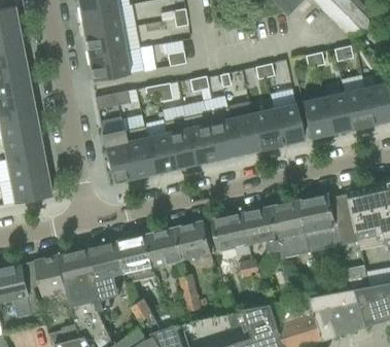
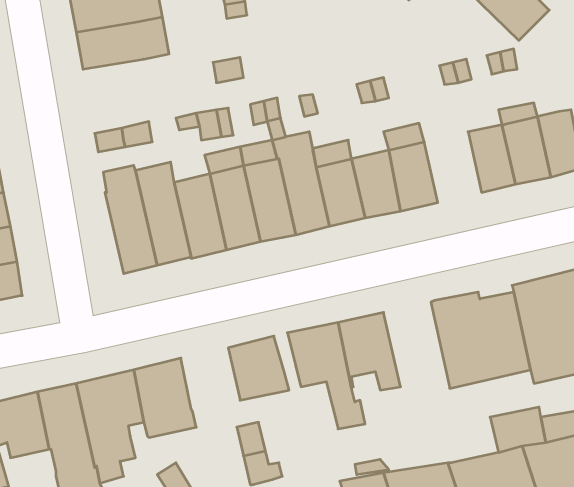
building: [88,48,145,80] -> none
building: [303,96,331,138] -> none
building: [272,200,312,258] -> none
building: [148,228,184,267] -> none

